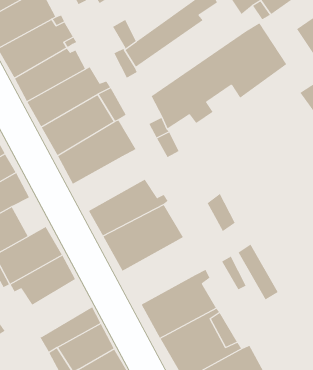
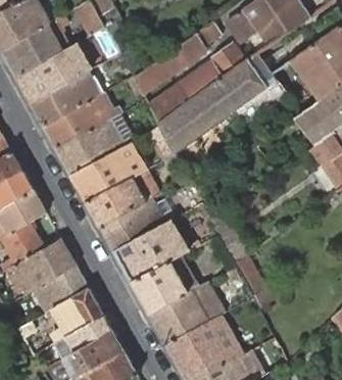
building: none -> [147,44,245,120]
building: none -> [85,169,155,226]
building: none -> [131,254,198,313]
building: none -> [29,289,103,342]

